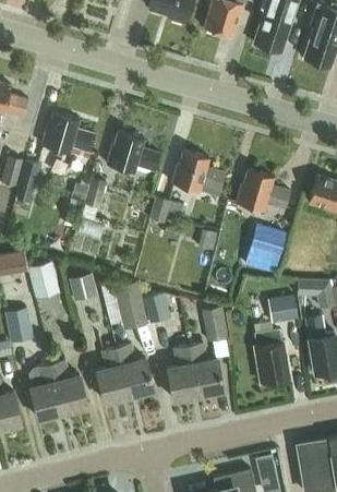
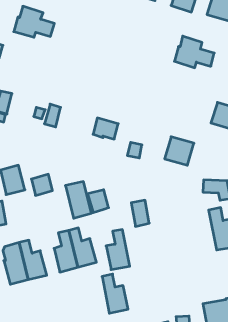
building: [40,111,95,153] -> [14,6,54,37]
building: [106,131,160,172] -> none
building: [170,151,225,197] -> none
building: [236,169,289,212] -> [174,36,214,68]
building: [267,290,298,324] -> none
building: [253,329,289,385] -> none
building: [189,343,224,395] -> [102,274,128,313]

